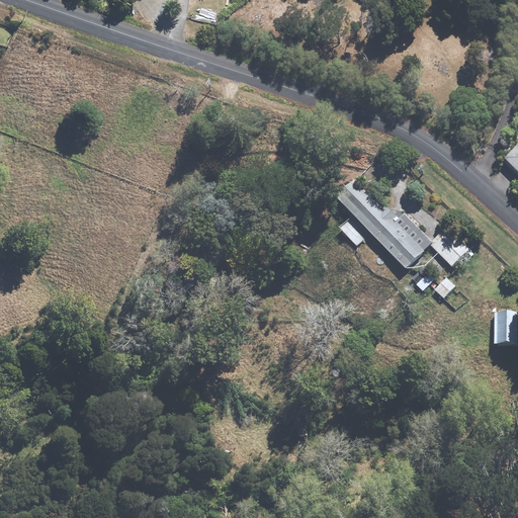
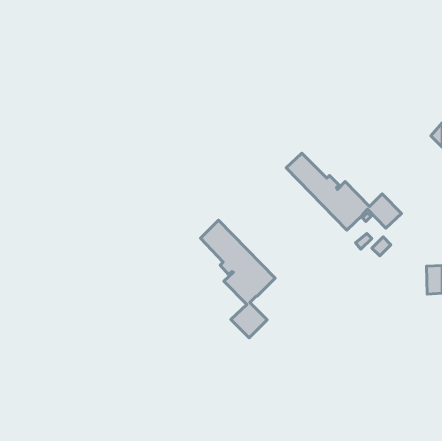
building: none -> [201,220,275,338]

